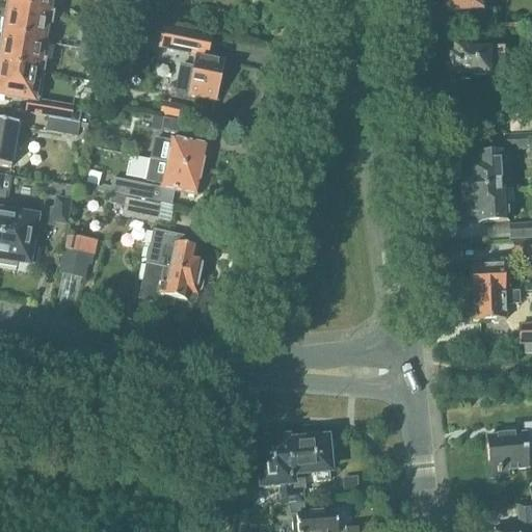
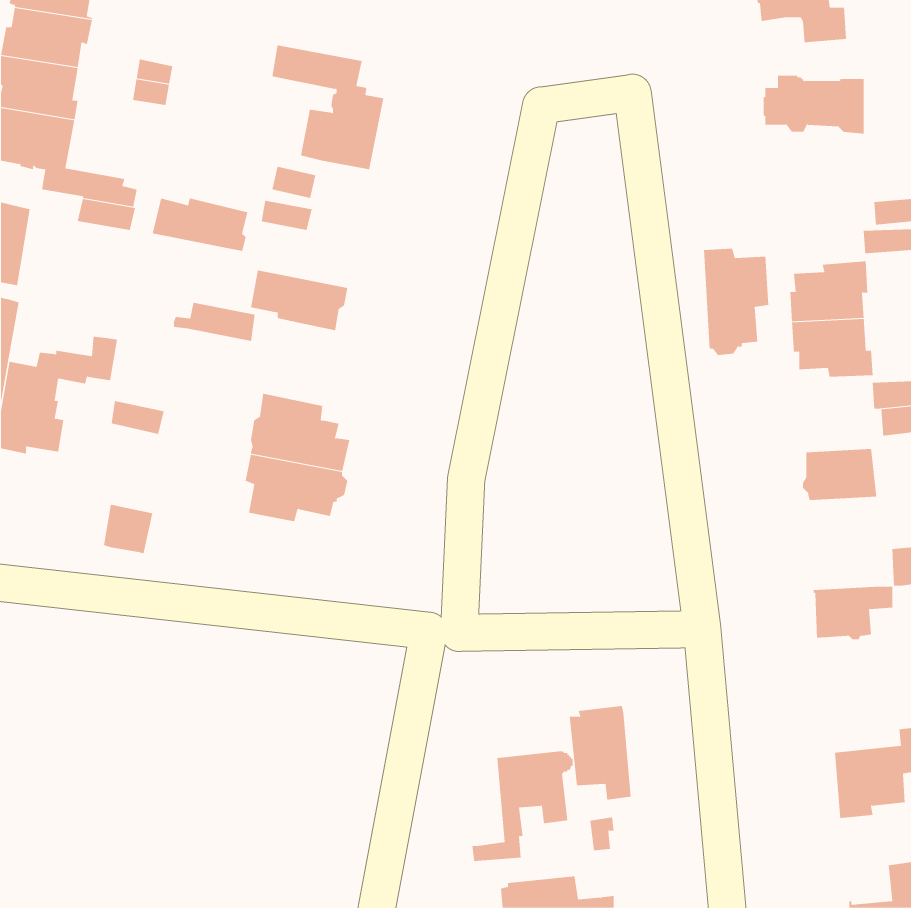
building: [151,136,207,167] -> [152,198,248,251]
building: none -> [704,248,769,356]
building: [122,196,161,221] -> none
building: [60,246,89,275] -> [103,504,153,554]
building: [472,289,518,320] -> [813,586,893,640]
building: [258,436,294,491] -> [569,706,631,800]

